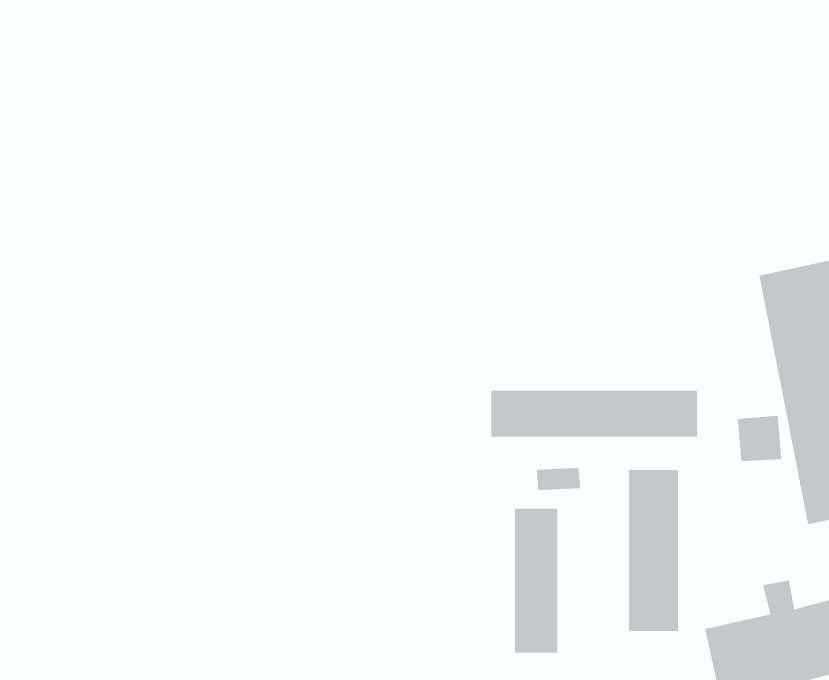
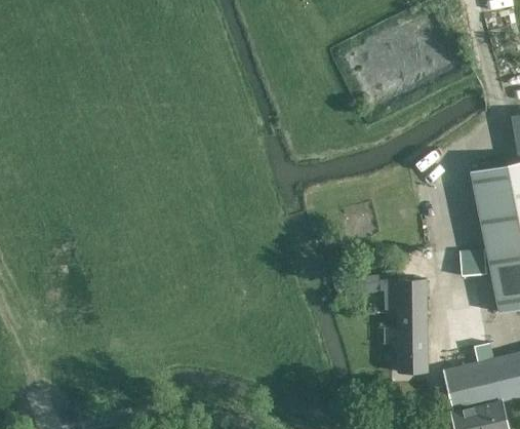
building: [491,390,698,438] -> none
building: [514,508,558,653] -> none

